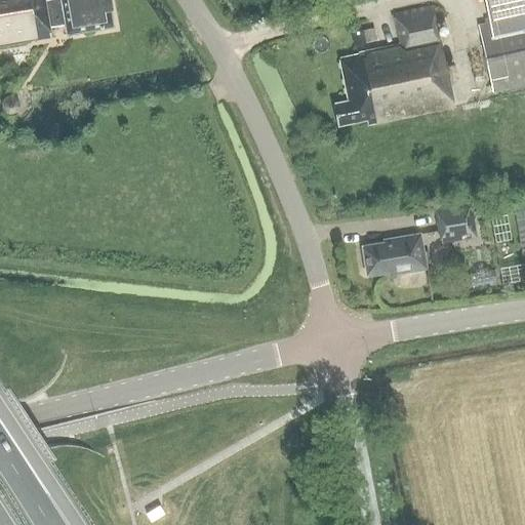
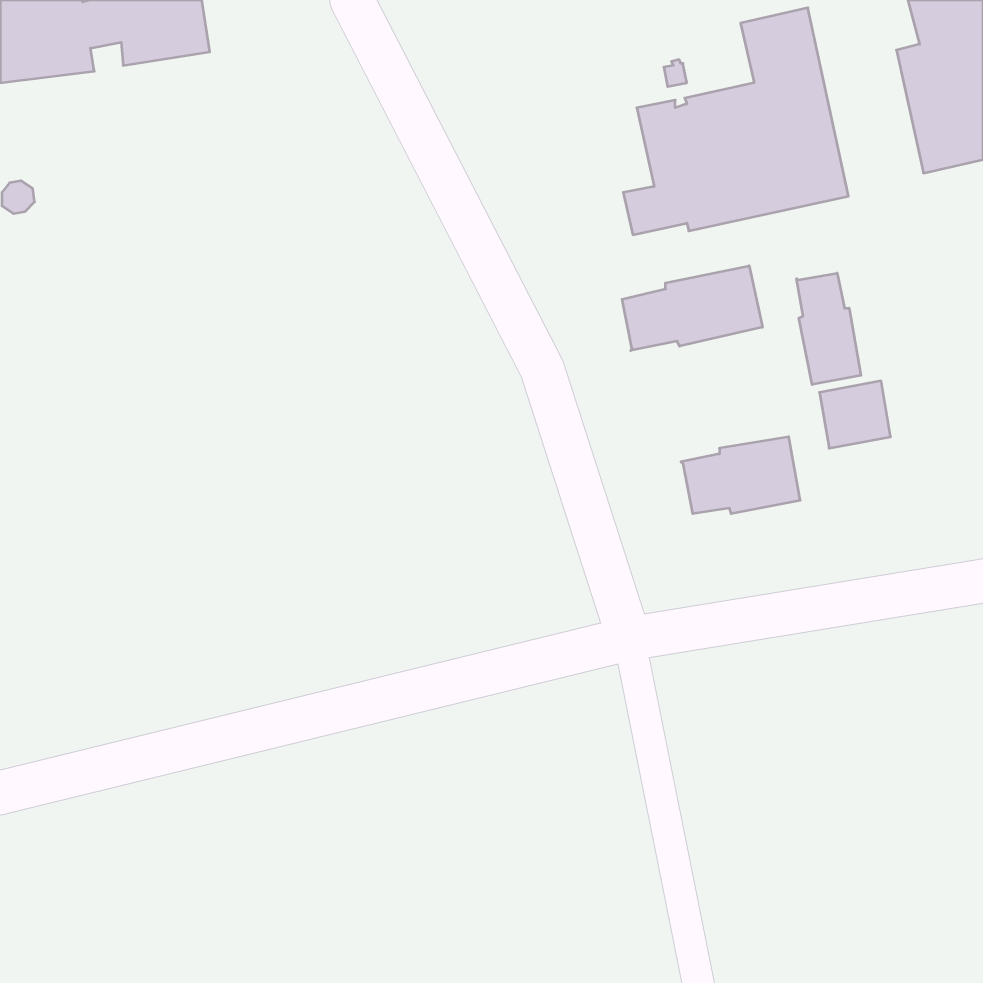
building: none -> [622,266,762,351]
building: none -> [797,273,861,385]

